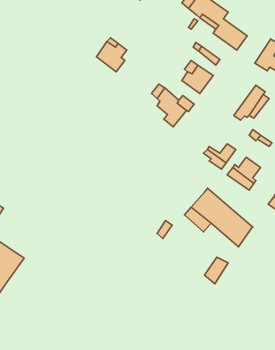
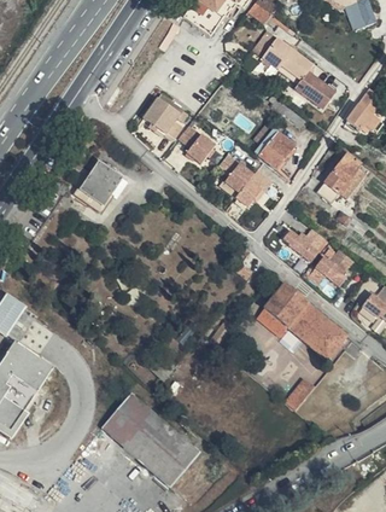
building: none -> [176,123,214,163]
building: none -> [64,155,125,205]
building: none -> [99,390,200,483]

